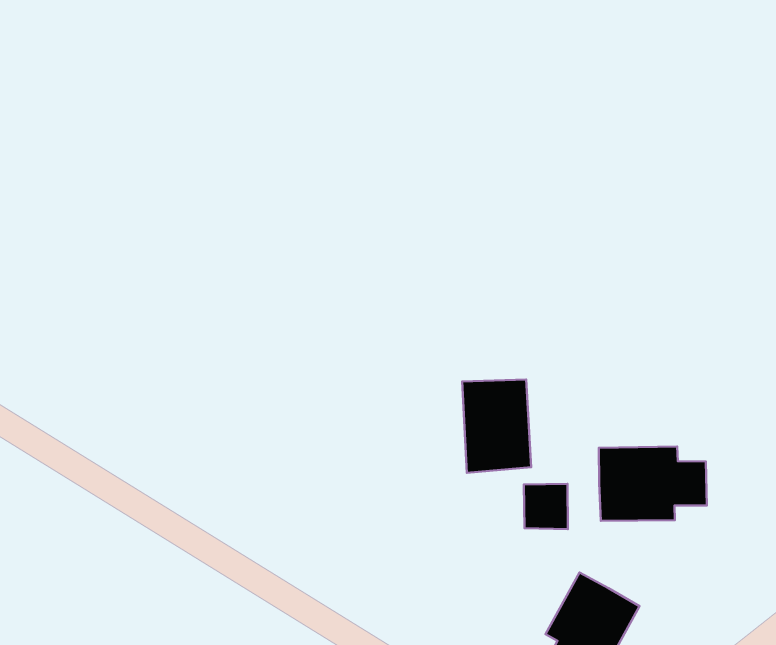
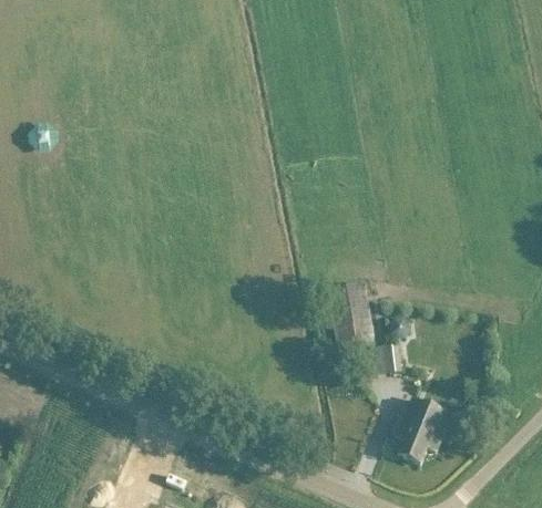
building: [599,447,707,521] -> none

